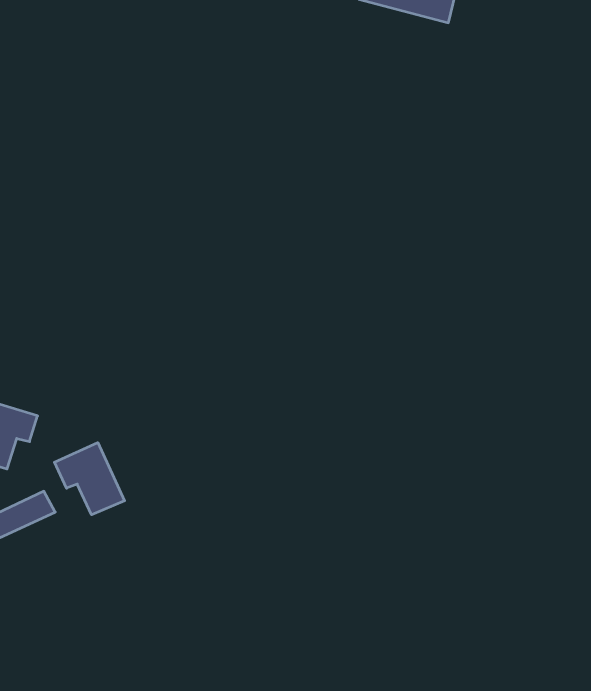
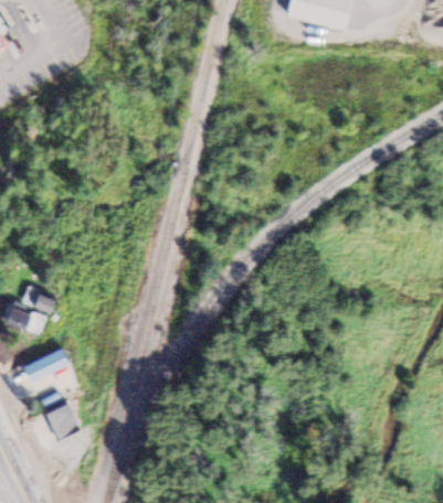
building: [54,443,125,515] -> none
building: none -> [44,402,81,440]

